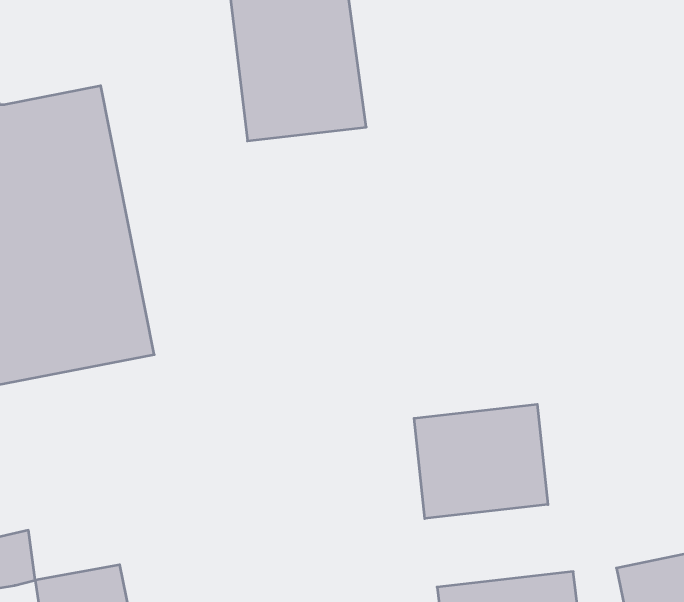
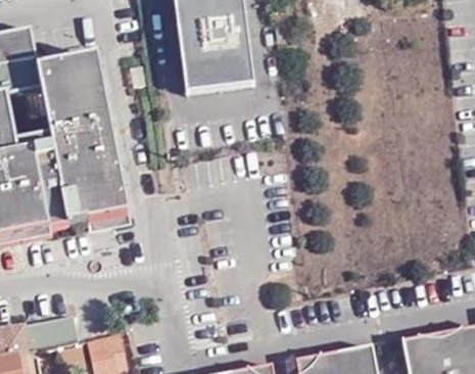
building: [414,404,548,519] -> none

